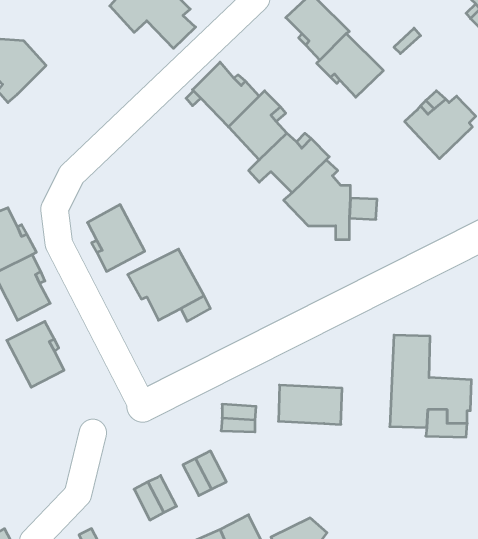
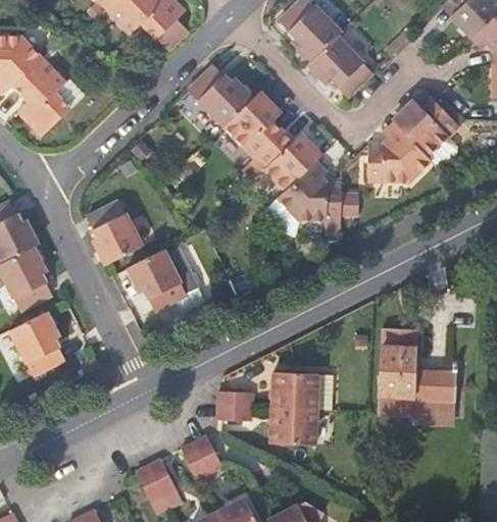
building: none -> [20,66,94,144]
building: none -> [369,120,431,181]
building: none -> [269,408,315,447]

